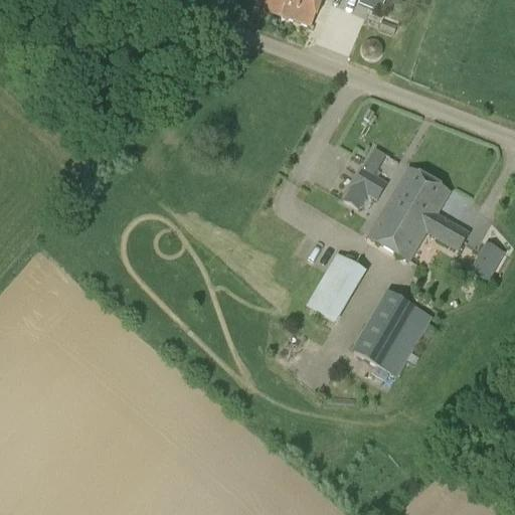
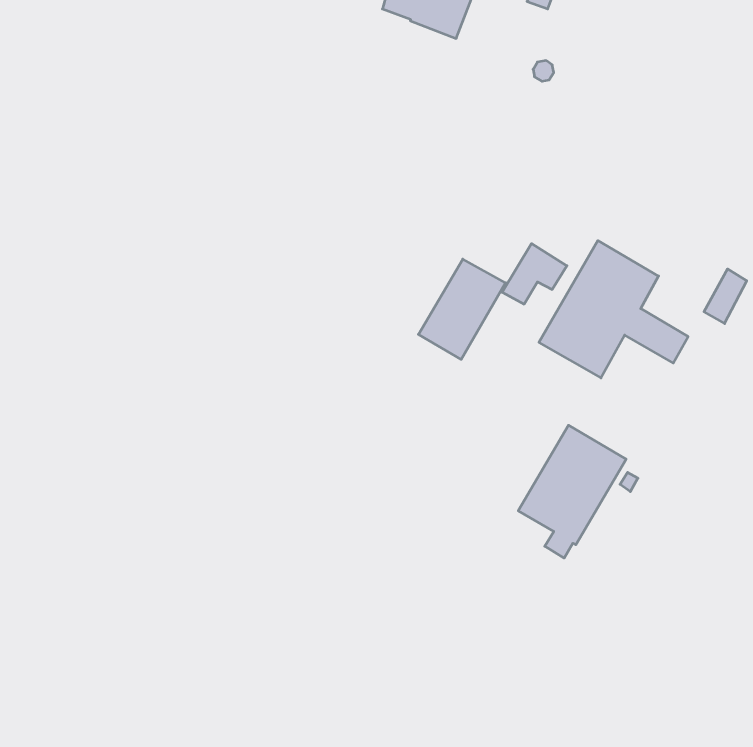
building: [475,240,504,278] -> [704,269,747,324]
building: [306,253,365,322] -> [418,259,506,359]

